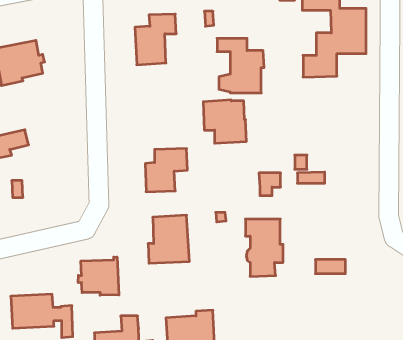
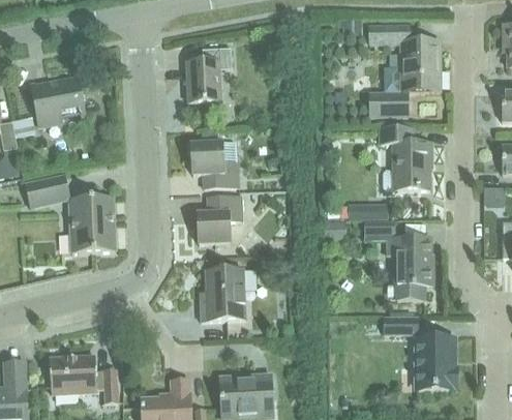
building: [217,38,264,93] -> [381,128,432,188]
building: [203,100,246,143] -> [190,140,238,187]
building: none -> [68,196,115,251]
building: [245,219,283,276] -> [392,236,433,299]
building: [78,257,119,295] -> none
building: none -> [416,337,456,388]

